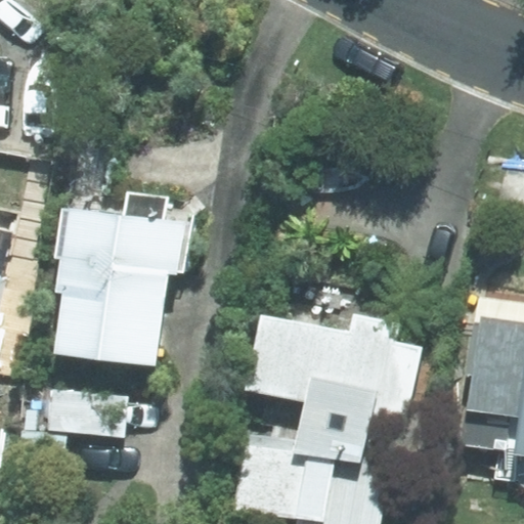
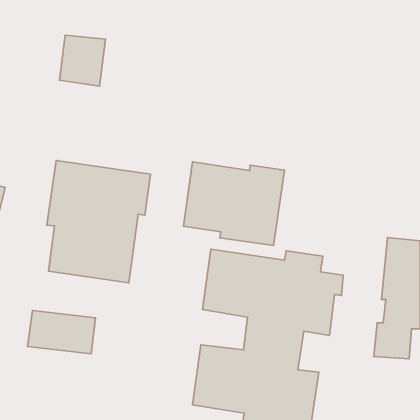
building: none -> [183,162,284,246]

